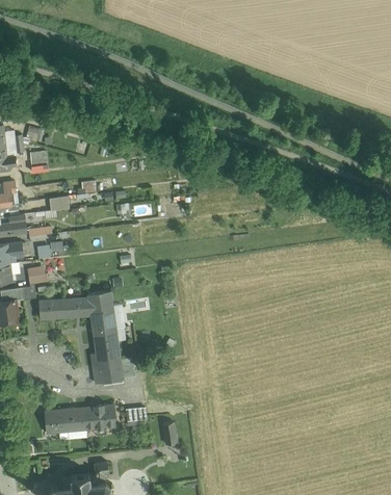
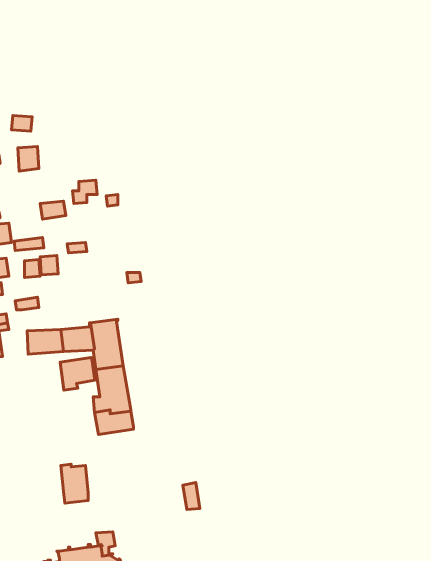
building: none -> [60,358,95,390]
building: [85,405,115,431] -> none
building: [45,409,68,434] -> none

